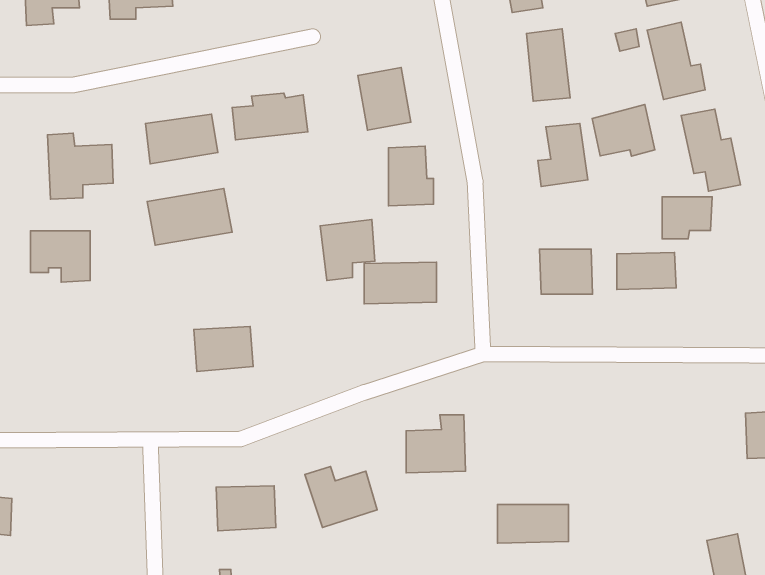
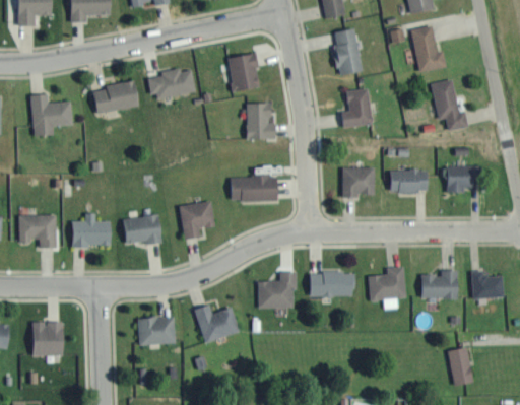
building: [592,105,655,156] -> none
building: [147,189,232,245] -> none
building: [662,197,712,239] -> [448,166,479,193]
building: [320,219,375,281] -> [180,201,214,240]
building: [31,231,90,282] -> [19,216,57,249]
building: none -> [72,213,112,247]
building: none -> [369,267,406,300]
building: none -> [422,270,458,299]
building: none -> [32,322,63,356]
building: [498,505,568,543] -> [310,273,354,297]

